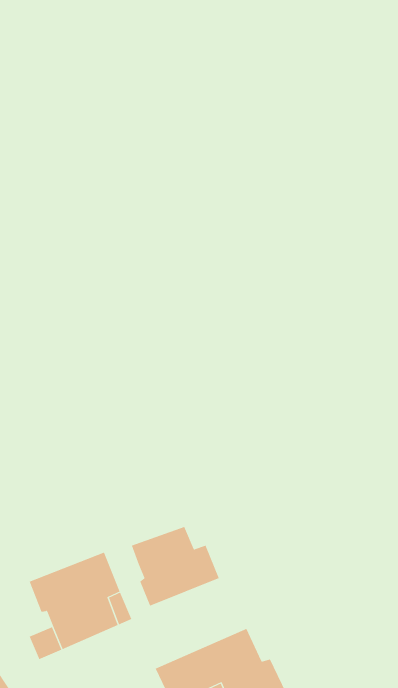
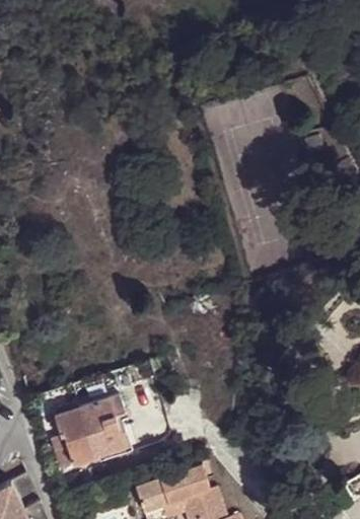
building: [131,526,219,606] -> none

